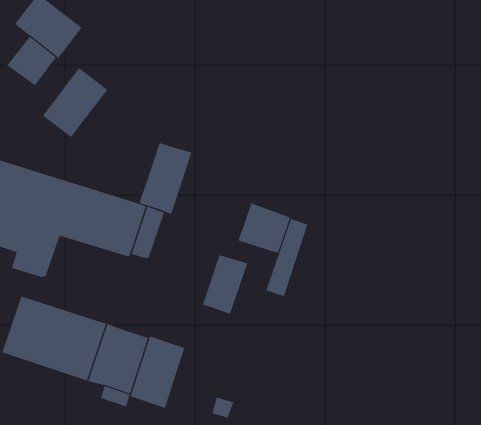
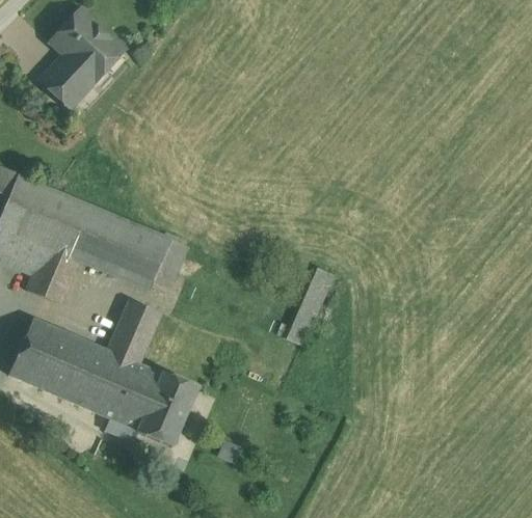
building: [42,68,108,138] -> none
building: [139,142,192,215] -> none
building: [238,203,291,254] -> none
building: [202,255,248,315] -> [108,300,159,362]

